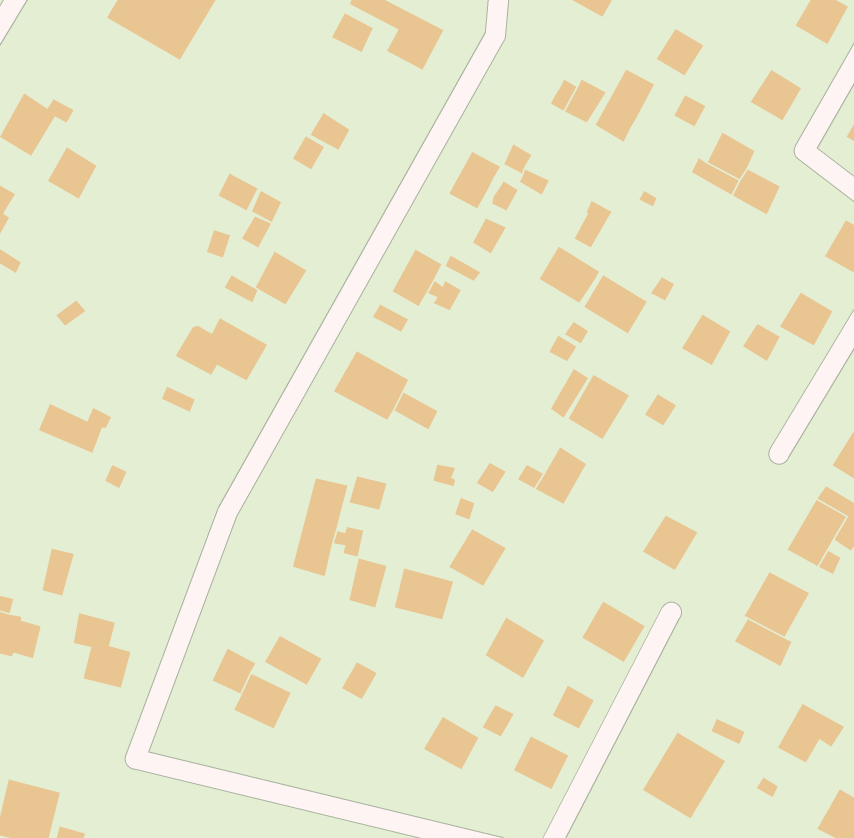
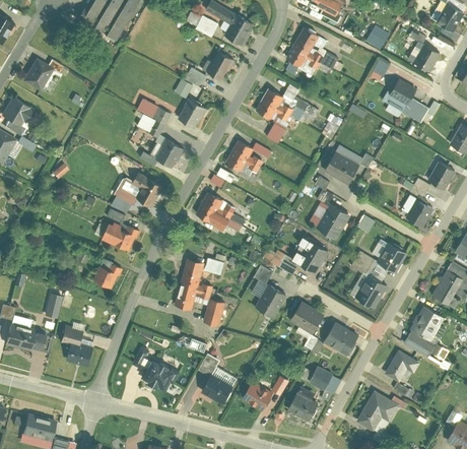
building: [595,69,655,143] -> [287,27,319,66]
building: none -> [202,53,235,81]
building: [47,146,97,200] -> none
building: none -> [179,100,206,128]
building: [539,245,600,304] -> none
building: [681,313,732,366] -> [406,199,432,227]
building: [38,403,112,454] -> [102,226,140,252]
building: none -> [378,243,406,271]
building: none -> [93,265,122,290]
building: [394,567,454,620] -> none
building: [484,617,545,679] -> [291,301,323,333]
building: [264,635,323,686] -> [203,376,234,402]
building: [777,703,845,764] -> [385,349,420,381]

